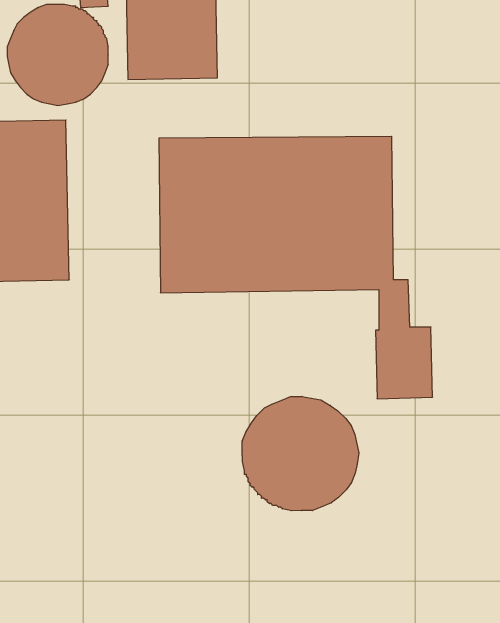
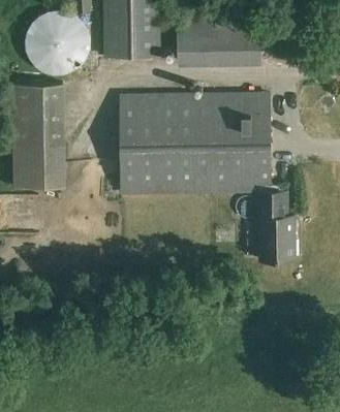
building: none -> [178,13,260,66]
building: [242,396,359,511] -> none

